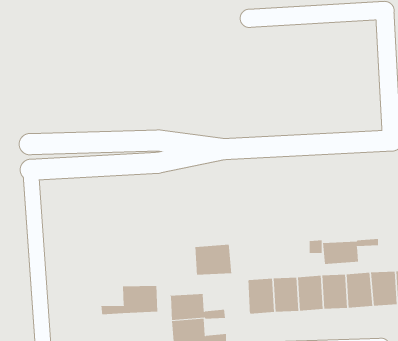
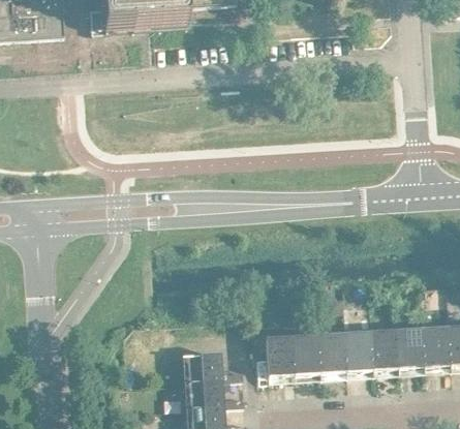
building: [322,238,379,265] -> none
building: [195,244,232,275] -> none
building: [101,285,158,315] -> none

